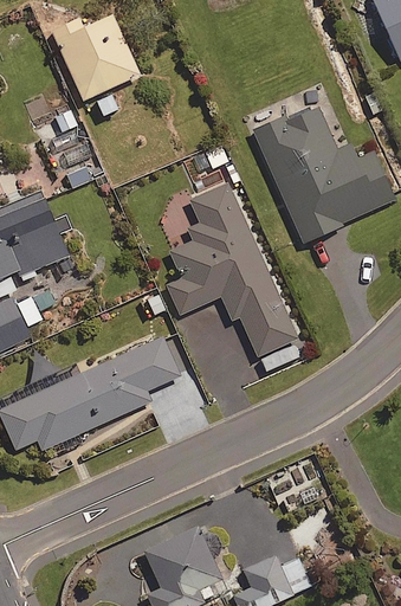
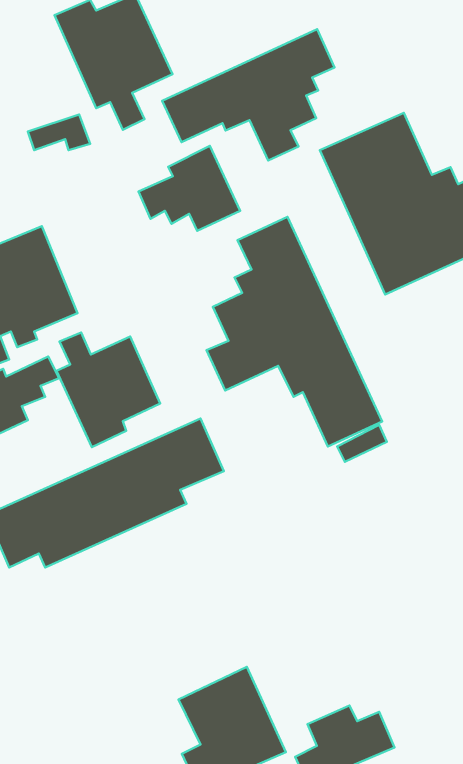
building: none -> [162,29,335,161]
building: none -> [139,146,240,231]
building: none -> [57,332,160,447]

